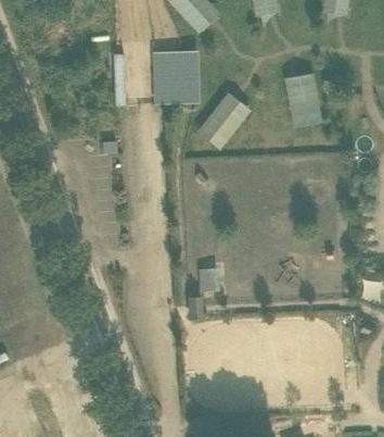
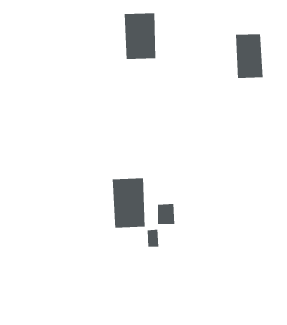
building: [194,91,251,150] -> none
building: none -> [112,177,145,229]

